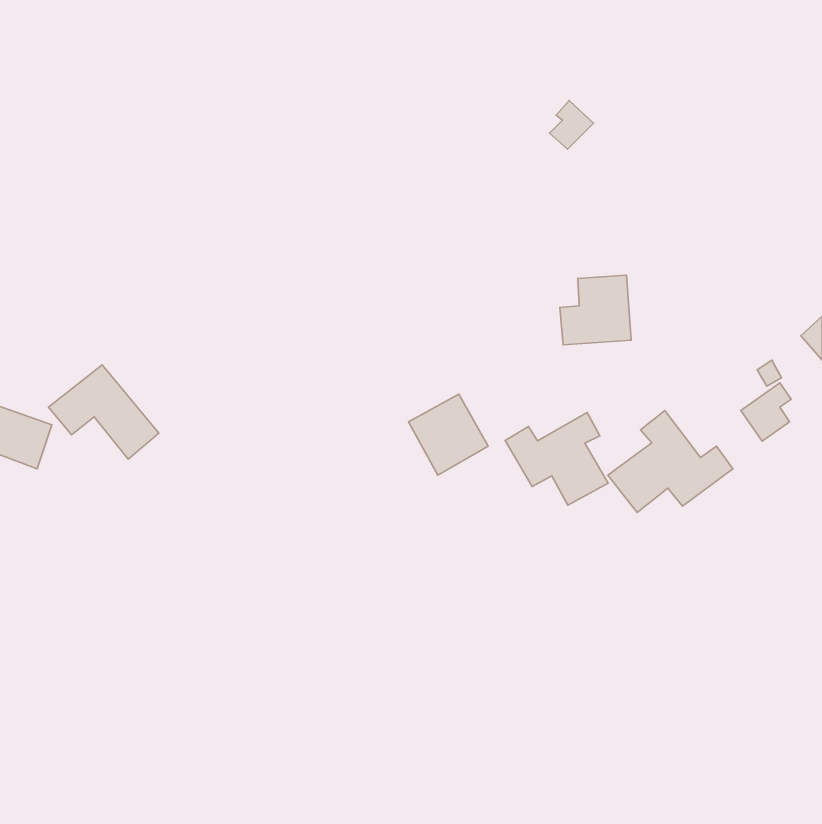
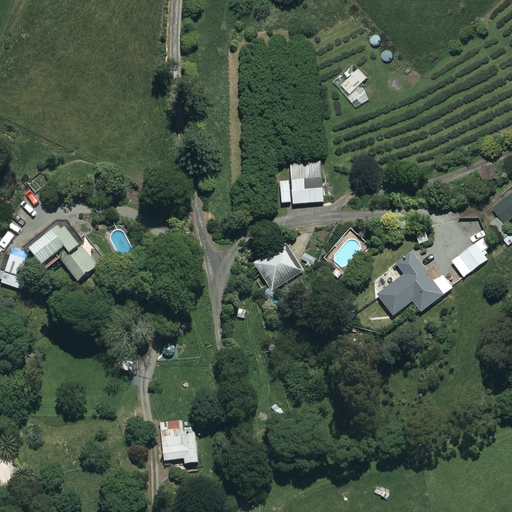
building: [560,275,631,345] -> [278,161,322,204]
building: [505,413,608,505] -> none
building: none -> [158,419,199,464]

